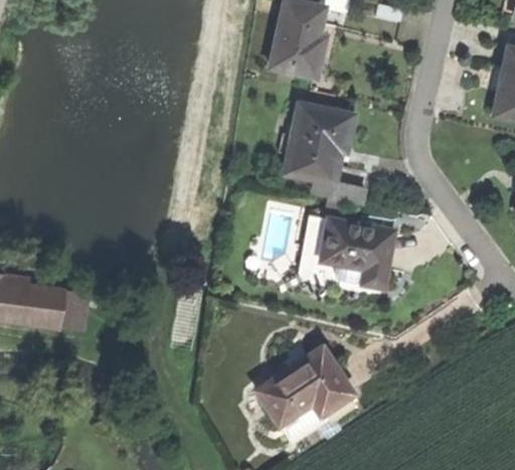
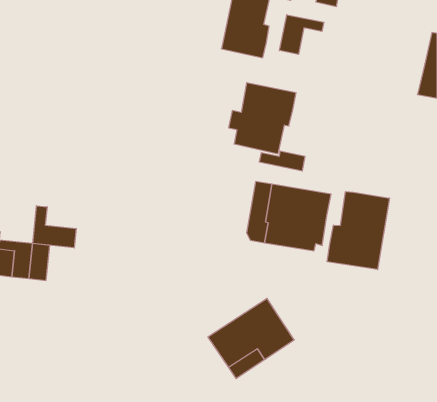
building: none -> [279,15,324,54]
building: none -> [327,192,389,270]
building: none -> [33,206,76,248]

